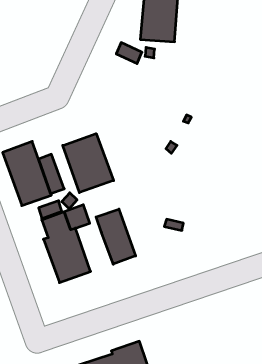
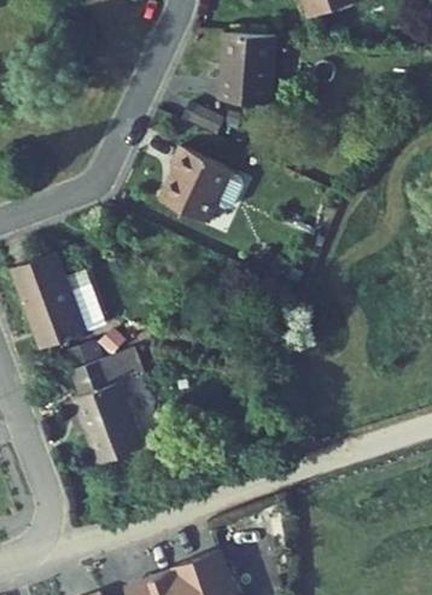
building: none -> [160,147,230,222]
building: [63,134,114,193] -> none
building: [96,209,136,264] -> none

